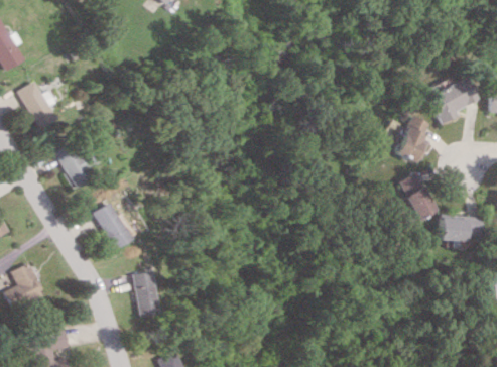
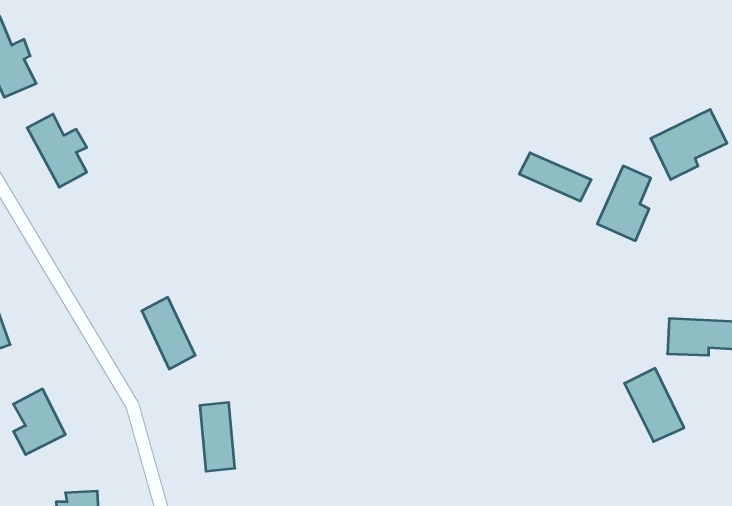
building: none -> [519,153,591,201]
building: [55,141,99,189] -> none
building: [398,171,438,220] -> [624,368,684,442]

